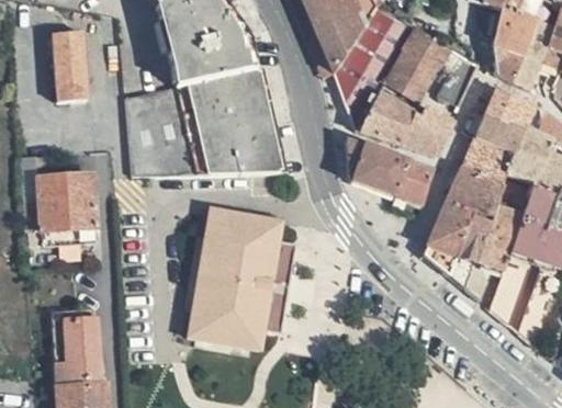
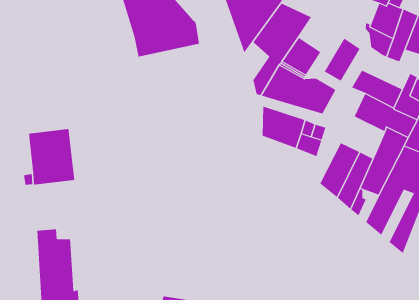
building: [57,27,90,101] -> none
building: [395,31,442,77] -> none
building: [135,66,285,171] -> none
building: [492,82,541,125] -> none
building: [450,161,508,216] -> none
building: [182,203,297,349] -> none

